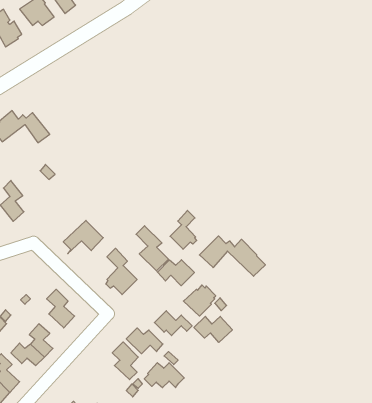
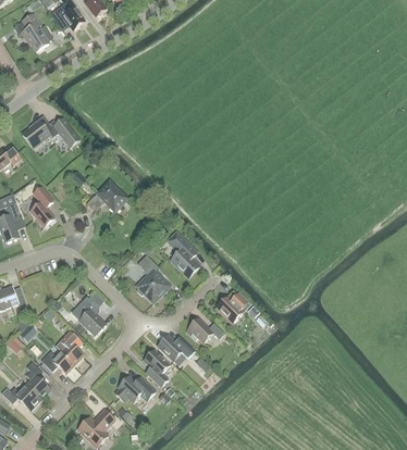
building: [170,210,197,249] -> none
building: [63,220,103,254] -> [87,180,127,214]
building: [199,236,265,276] -> none
building: [157,260,194,286] -> none
building: [194,316,232,342] -> none
building: [144,363,184,388] -> [115,376,156,401]

